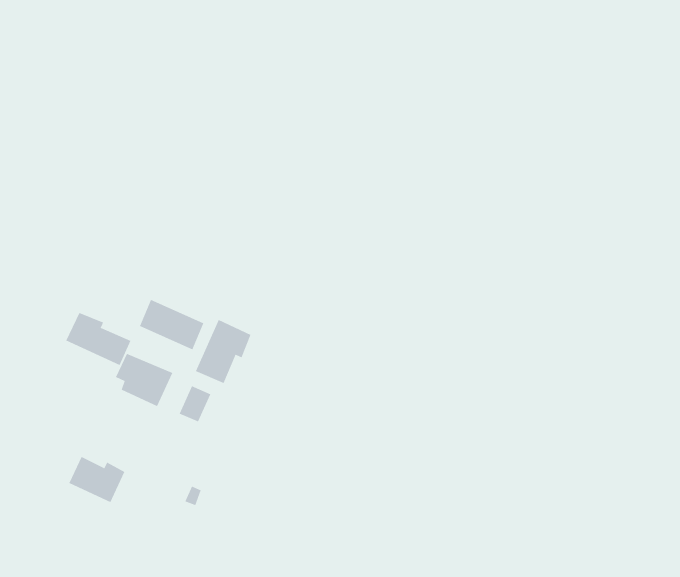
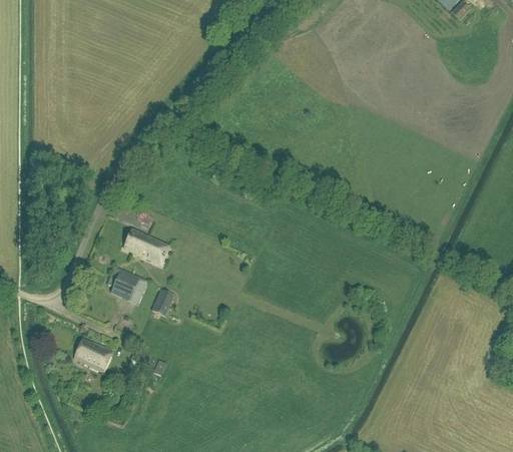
building: [65,312,131,366] -> none
building: [195,319,251,384] -> none

